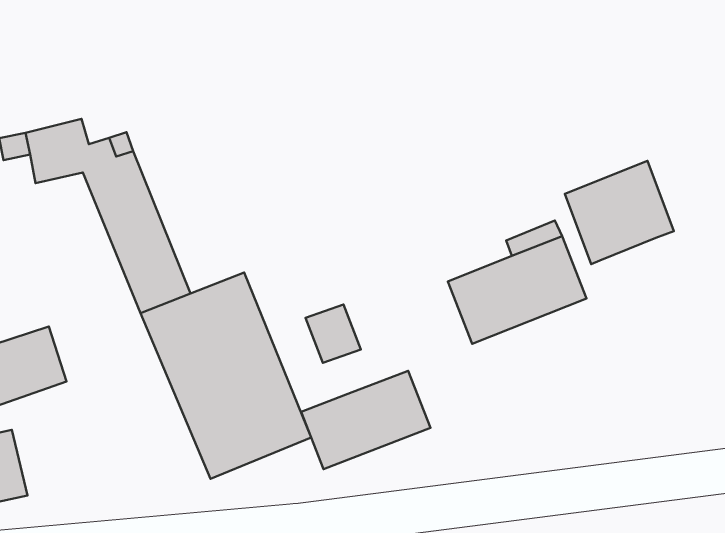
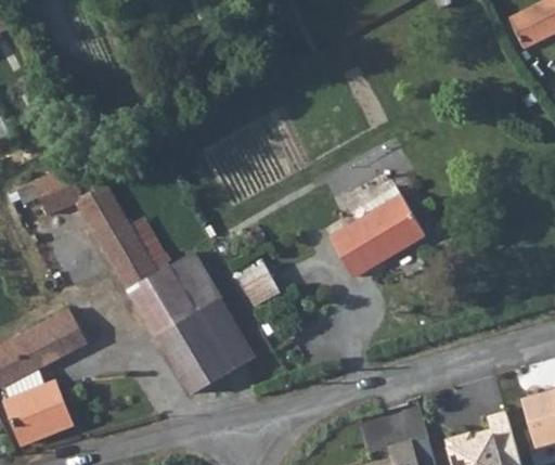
building: [565,161,674,264] -> none
building: [301,371,430,469] -> none

